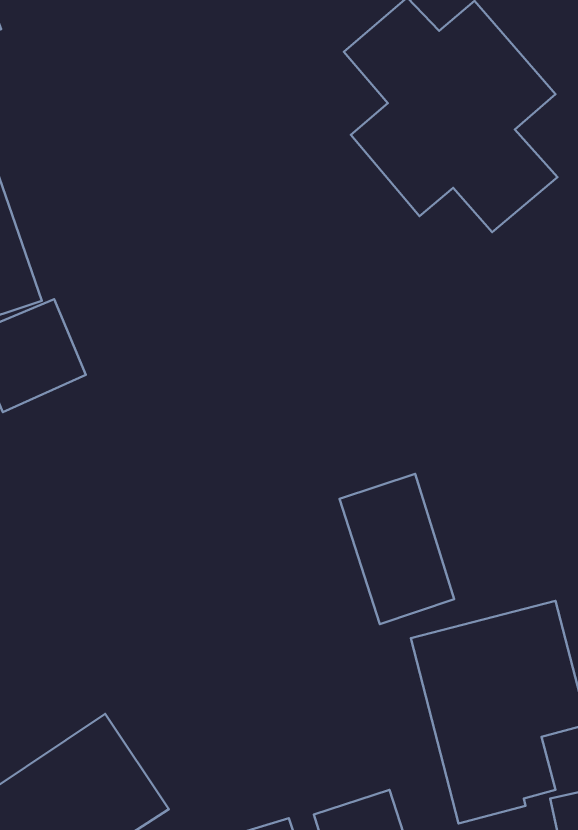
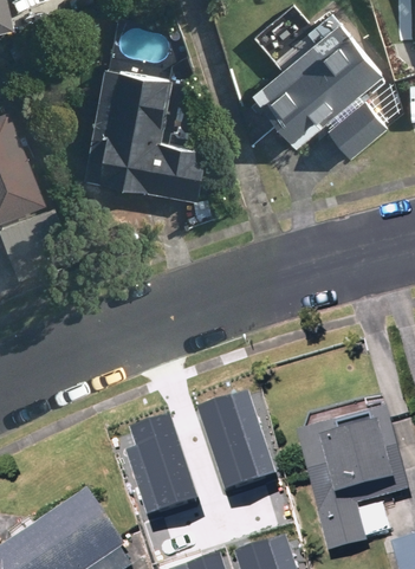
building: none -> [89,64,216,199]
building: [339,474,454,624] -> [192,393,268,493]
building: none -> [115,414,193,515]

